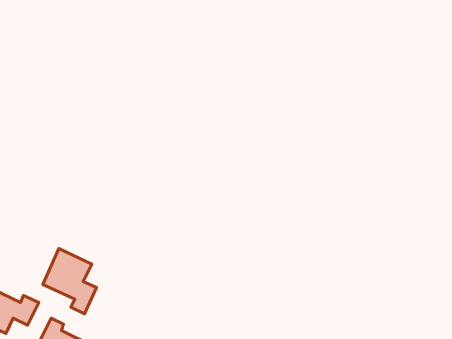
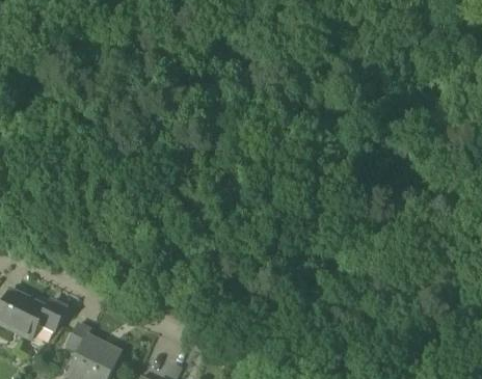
building: [43,249,96,314] -> none

